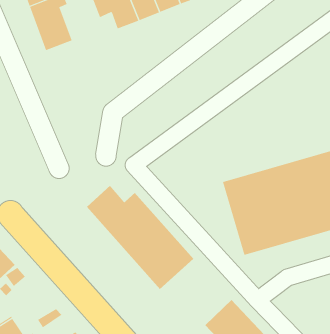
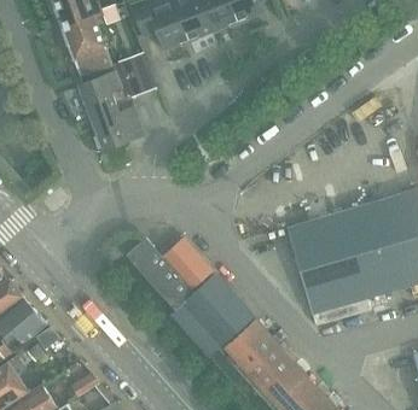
building: none -> [120,53,157,96]
building: none -> [80,72,146,151]
building: none -> [225,321,297,394]

